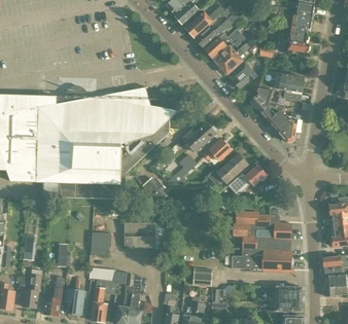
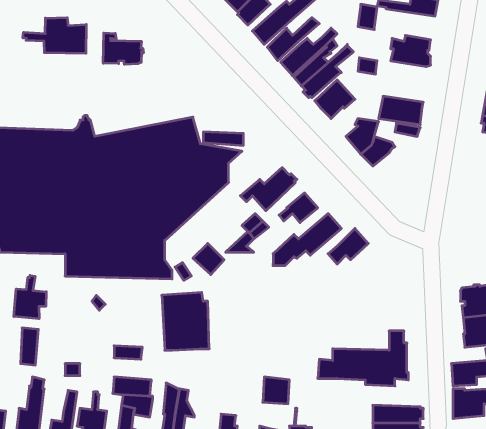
building: [277,11,312,33] -> none
building: none -> [23,18,86,53]
building: none -> [103,33,143,64]
building: [269,108,297,141] -> none
building: none -> [14,275,46,319]
building: [232,211,291,248] -> none

